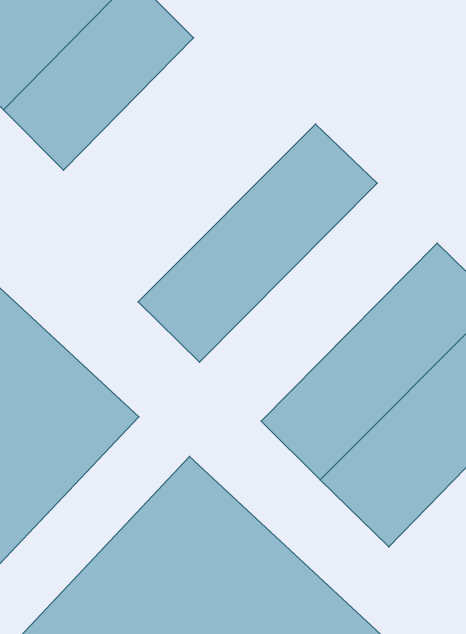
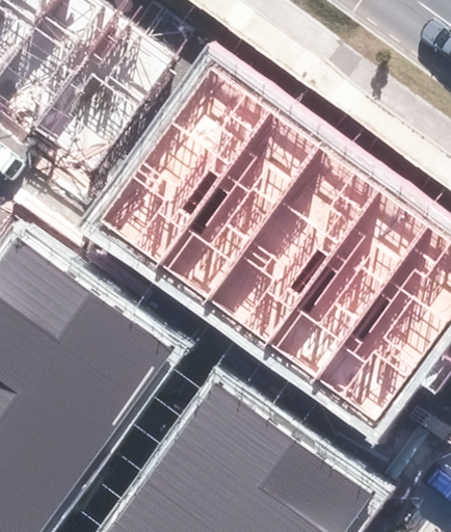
building: none -> [103,66,276,264]
building: none -> [213,149,381,342]

